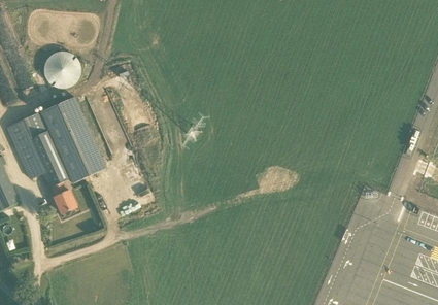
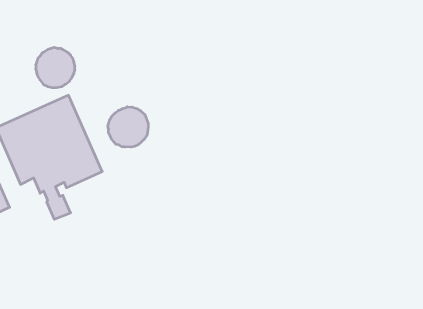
building: none -> [108,107,148,147]

